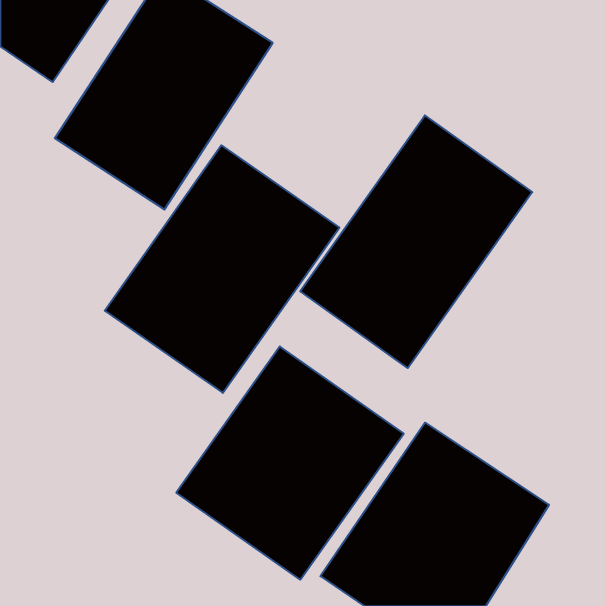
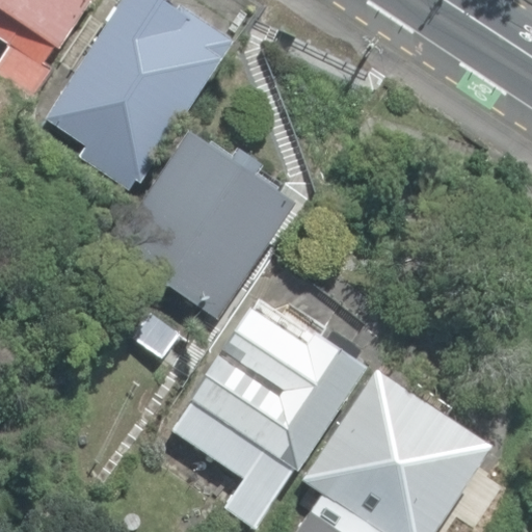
building: [300,115,532,368] -> none

